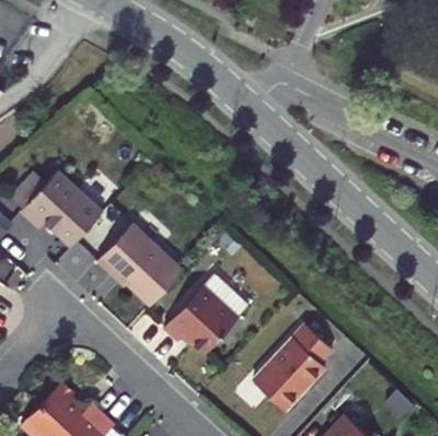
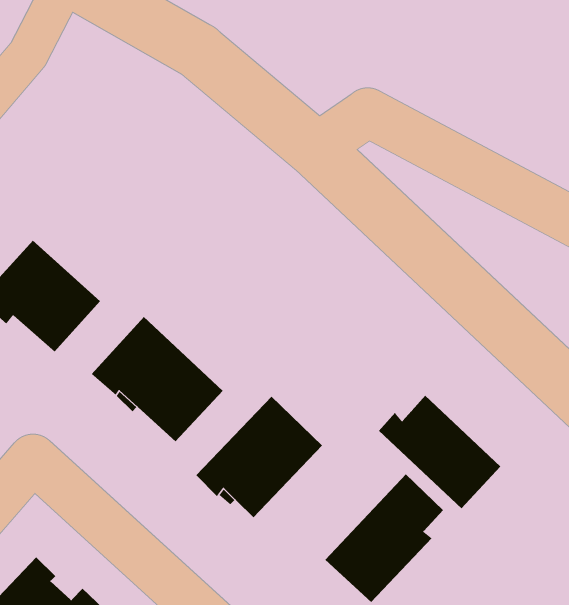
building: none -> [378,395,501,509]

